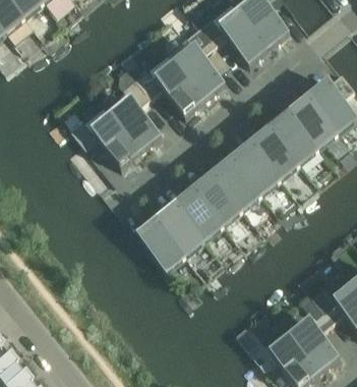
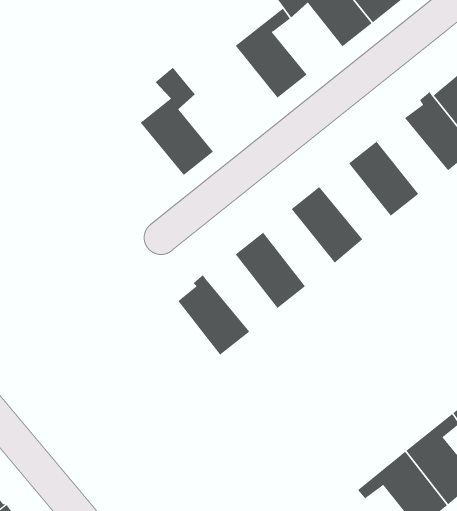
building: [143,60,203,113] -> none
building: [271,109,318,160] -> none
building: [69,112,140,164] -> none
building: [232,140,280,190] -> none
building: [194,168,242,222] -> none
building: [156,201,203,253] -> none

